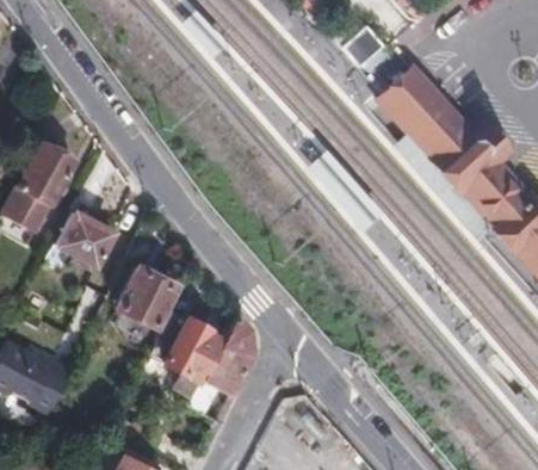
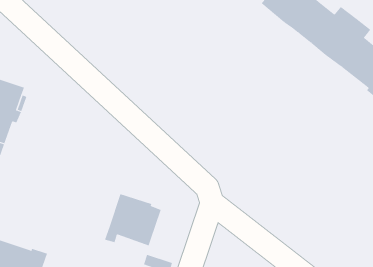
building: [50,215,111,270] -> none
building: [117,268,185,352] -> none
building: [203,314,254,394] -> none

